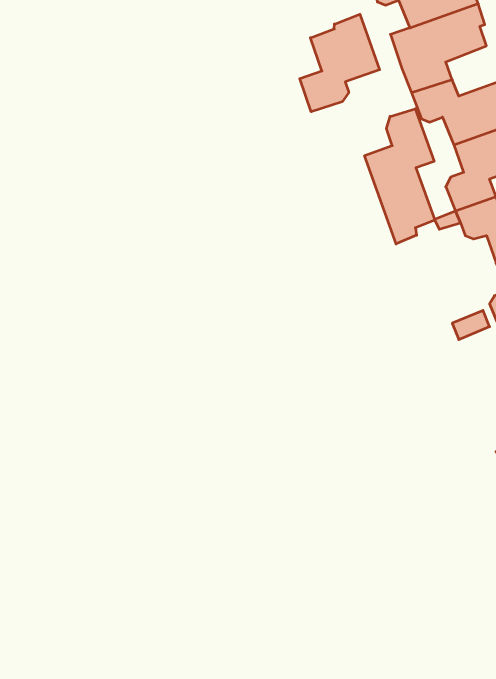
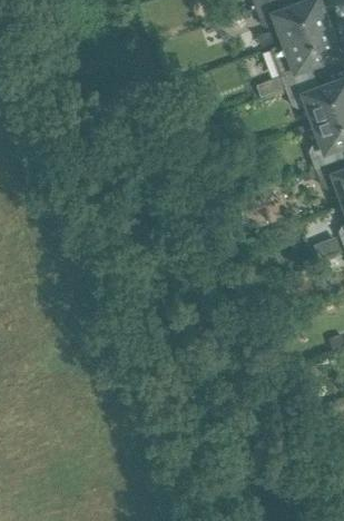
building: [300,14,380,112] -> none
building: [365,109,435,244] -> none

